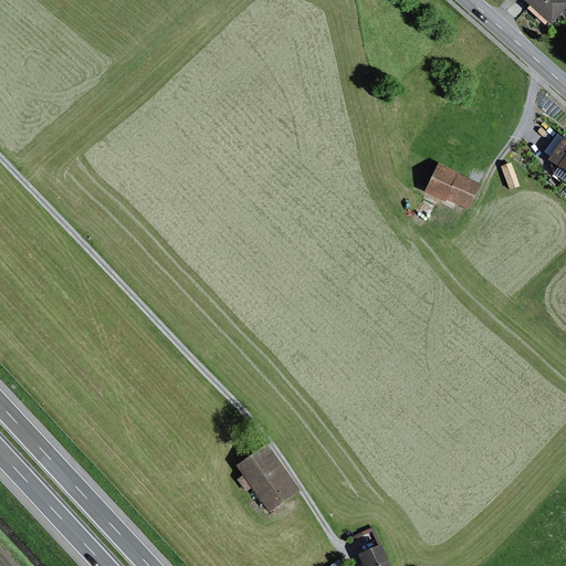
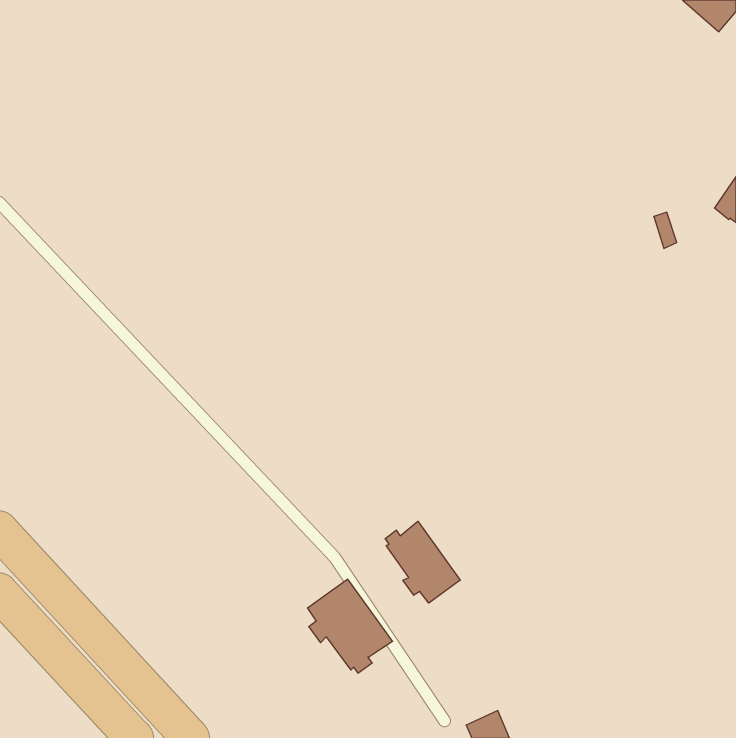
building: [423,163,480,209] -> none
building: none -> [385,521,460,603]

